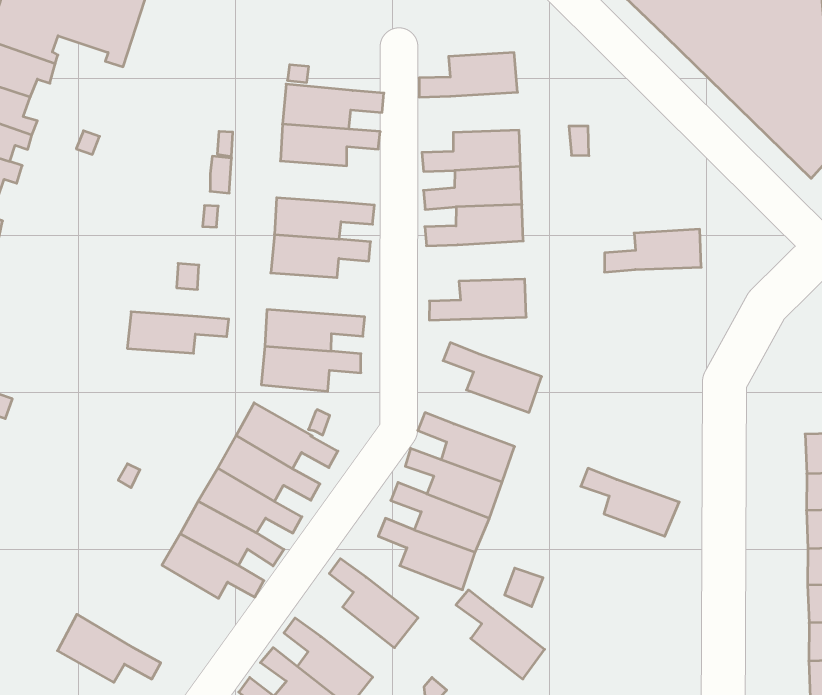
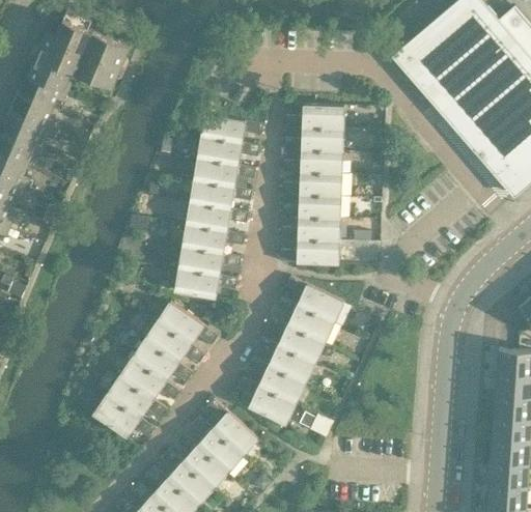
building: none -> [284,130,343,153]
building: none -> [194,160,255,188]
building: [604,229,701,272] -> [280,219,339,243]
building: [127,312,229,353] -> [183,226,245,254]
building: [581,468,679,536] -> [276,297,334,342]
building: [456,590,545,679] -> [191,417,242,473]
building: [57,614,161,682] -> [93,395,155,437]

